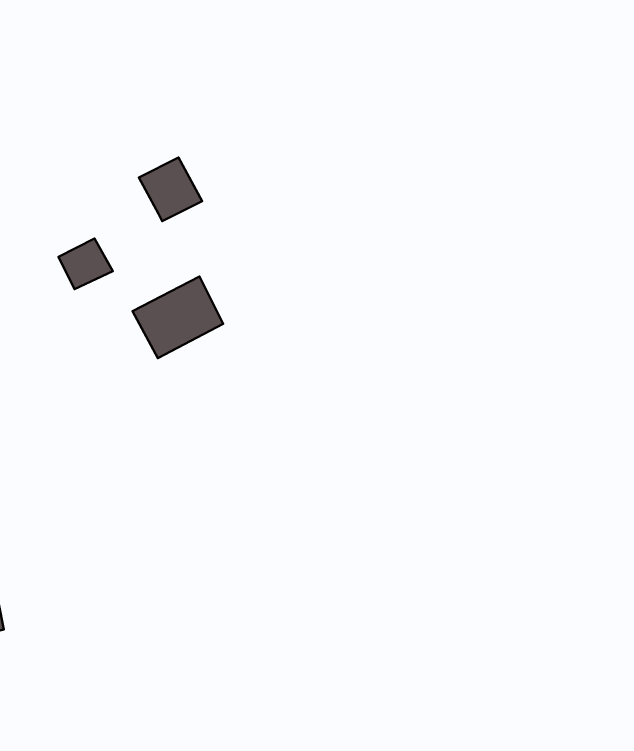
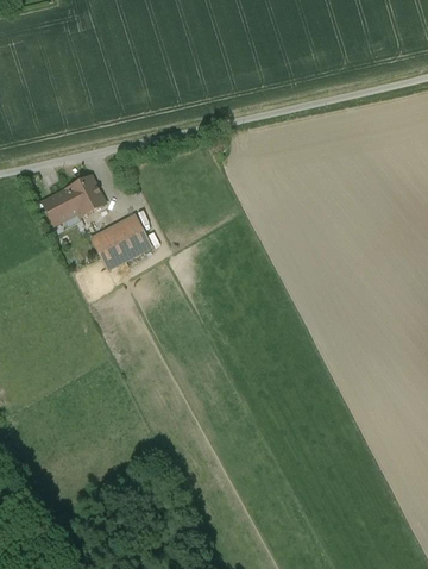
building: [139,158,202,221] -> [65,174,107,215]

